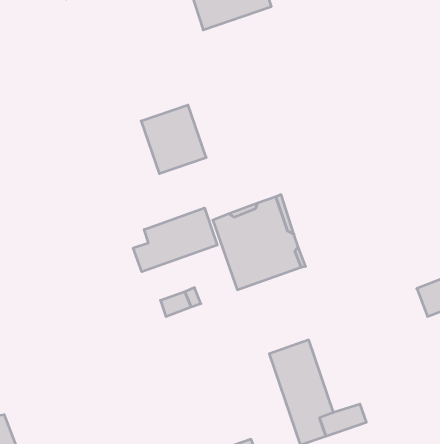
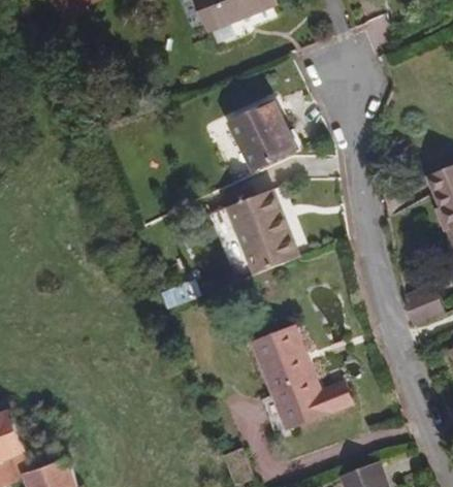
building: [141,105,206,174] -> [224,107,287,173]
building: [133,208,217,272] -> none

